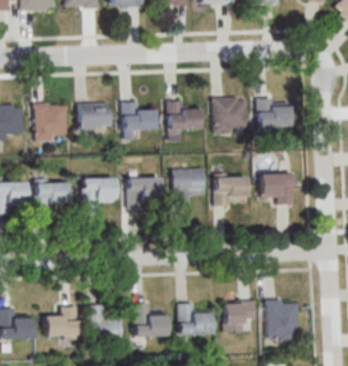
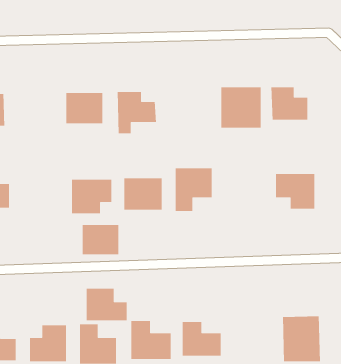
building: [167,100,200,141] -> none
building: [33,102,66,141] -> none
building: [214,174,247,205] -> none
building: [35,183,68,210] -> [82,224,119,255]
building: none -> [86,288,127,321]
building: [223,300,257,332] -> none

